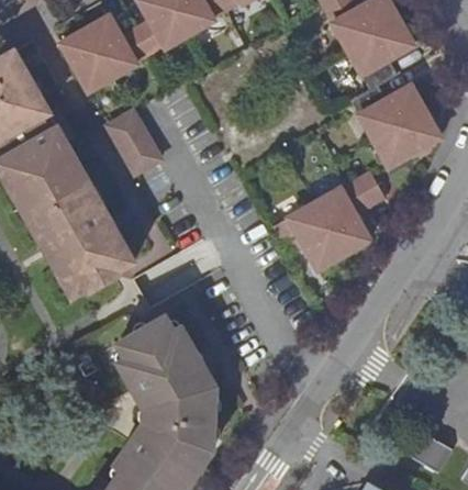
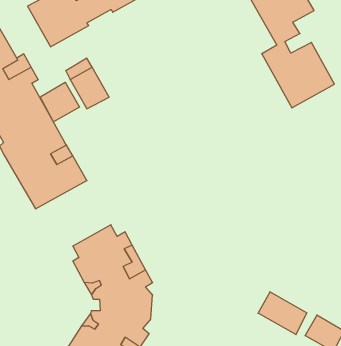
building: none -> [40,82,79,122]
building: [272,174,385,274] -> none
building: none -> [258,292,307,335]

